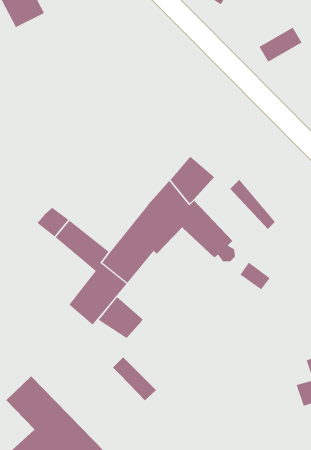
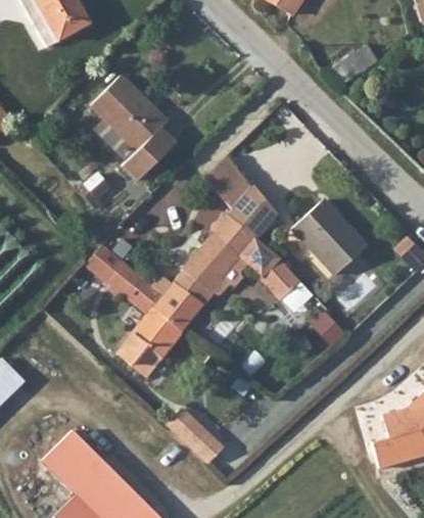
building: none -> [90,74,175,180]
building: none -> [201,159,251,214]
building: none -> [310,195,372,261]
building: [98,296,144,339] -> none

